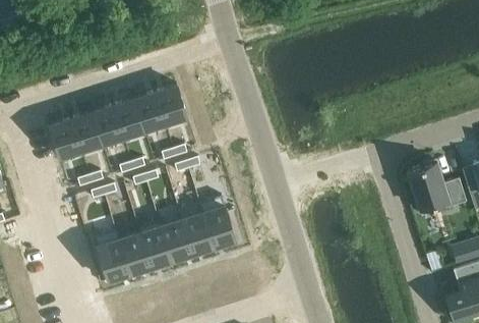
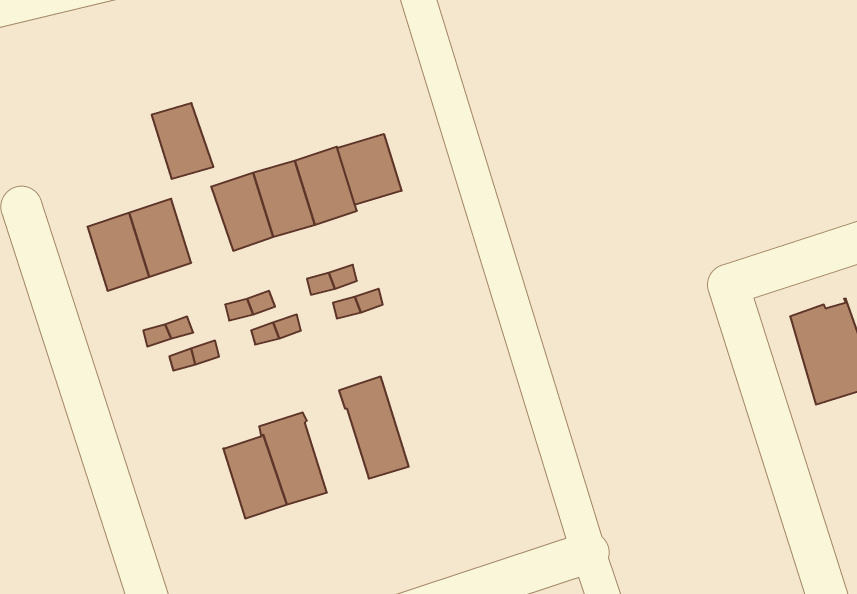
building: none -> [337,134,402,205]
building: [93,106,124,145] -> [152,103,213,179]
building: [199,197,236,249] -> none
building: [161,219,193,262] -> none
building: [94,229,130,282] -> none

